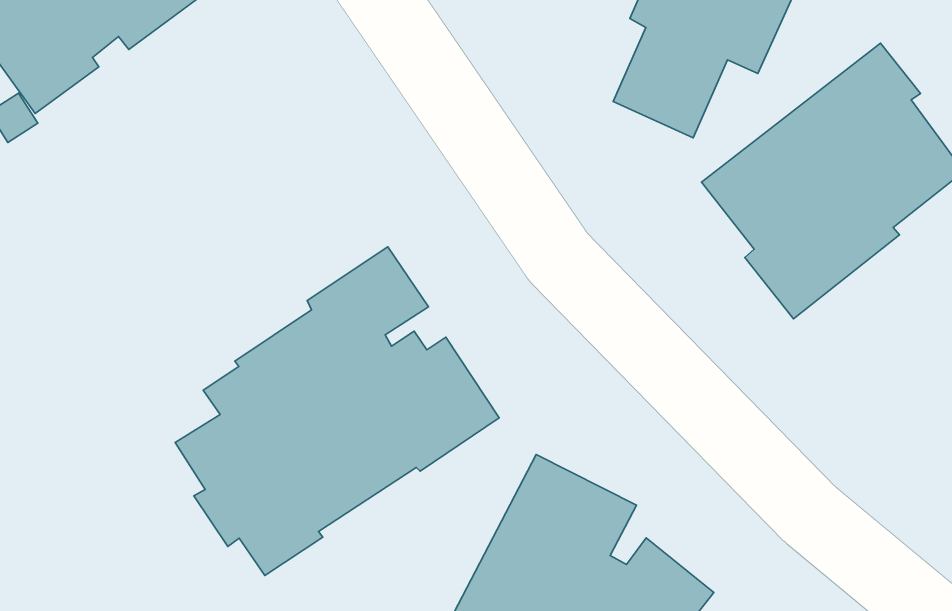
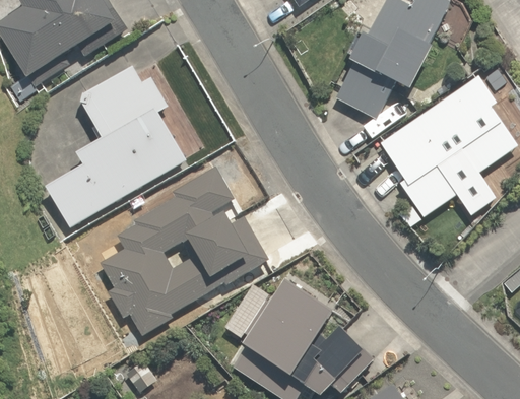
building: none -> [45,66,186,228]

